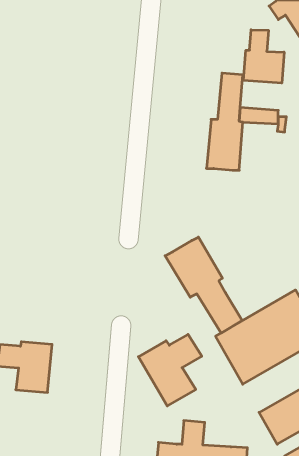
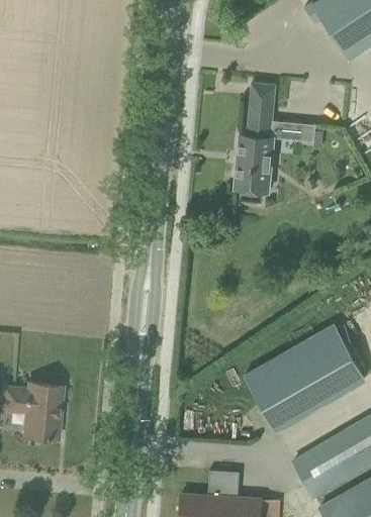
building: [244,30,284,83] -> none
building: [165,237,242,333] -> none
building: [138,334,202,406] -> none

